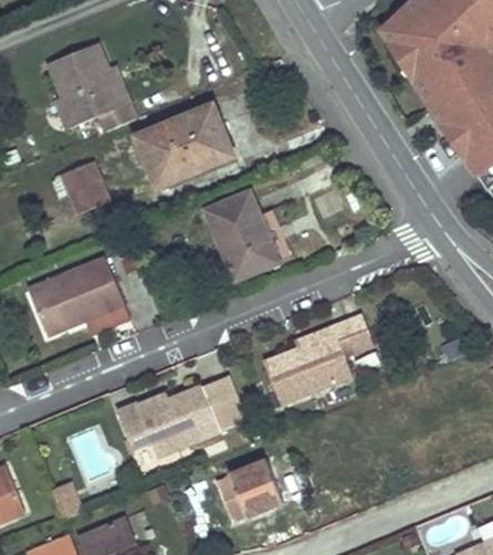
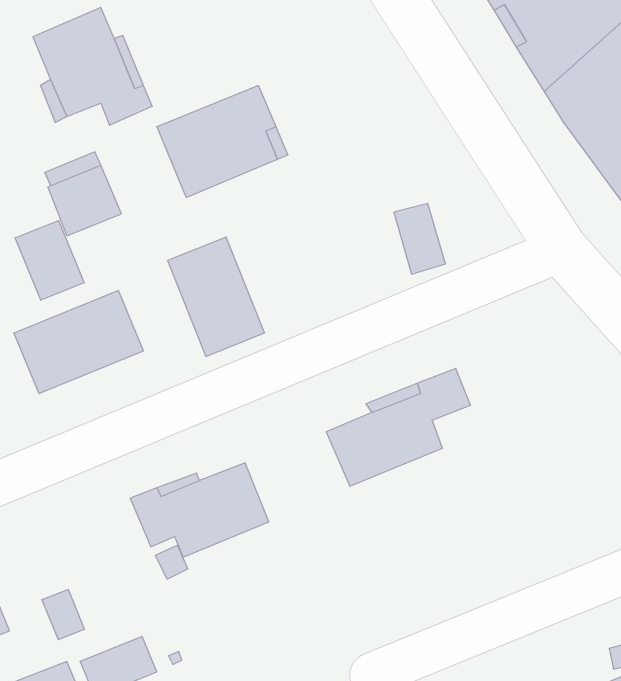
building: [206,191,279,281] -> [167,237,265,356]
building: none -> [15,220,84,300]
building: [202,375,246,430] -> none
building: [216,458,283,522] -> none

